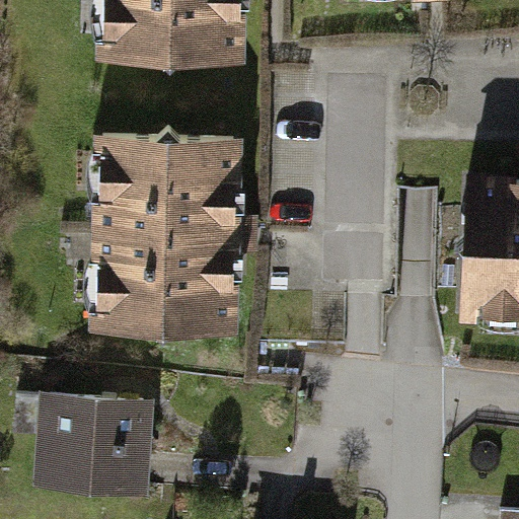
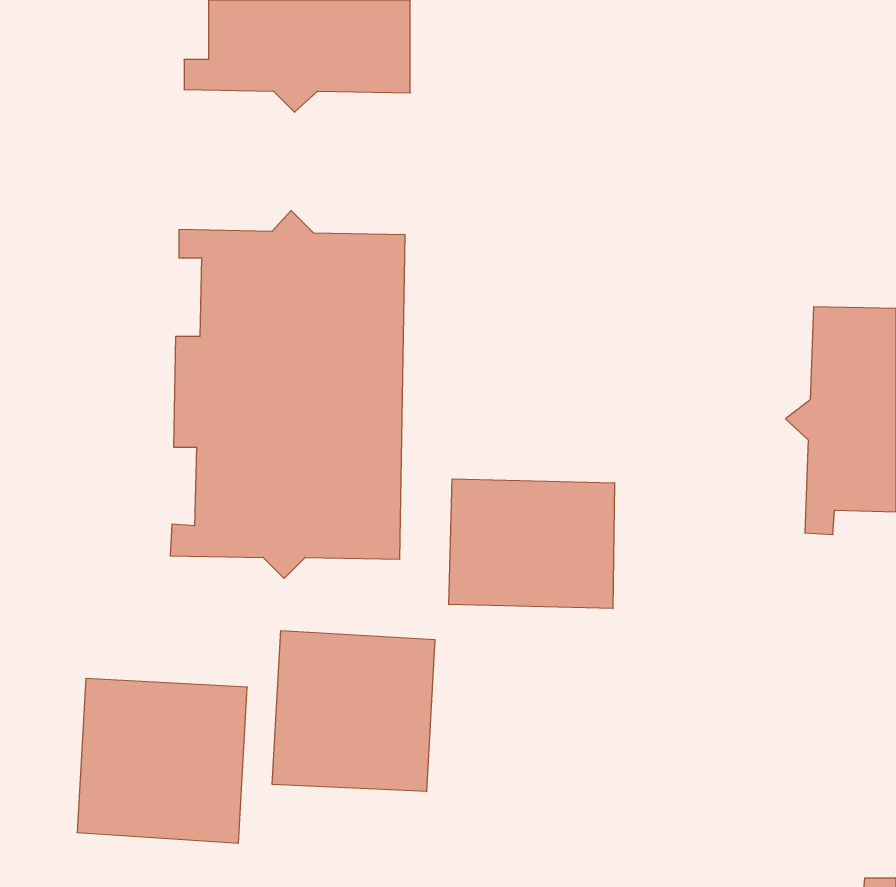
building: none -> [449,479,614,609]
building: none -> [272,631,435,792]

